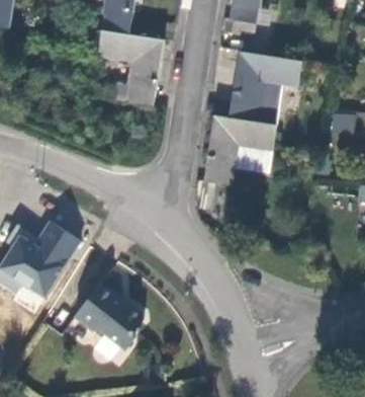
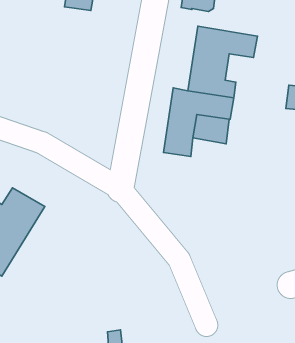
building: [97,30,163,106] -> none
building: [74,284,144,348] -> none

